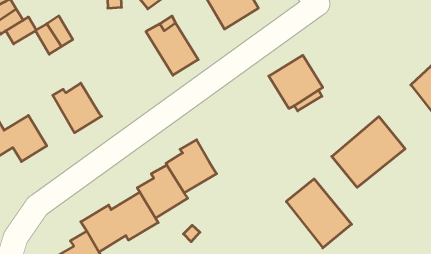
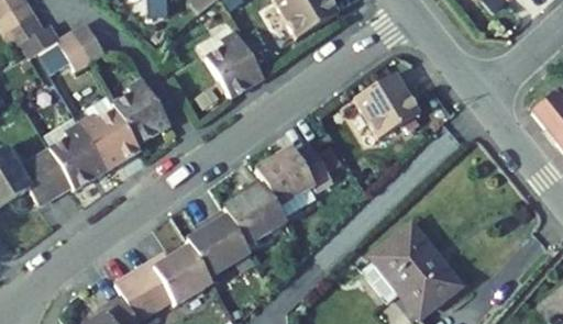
building: none -> [112,78,170,145]
building: none -> [45,119,107,190]
building: none -> [254,143,332,208]
building: [332,117,405,187] -> none

